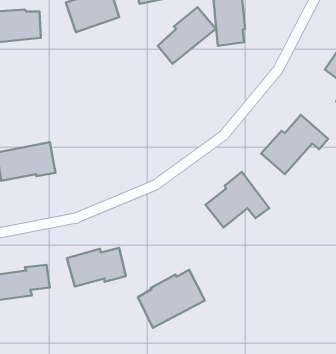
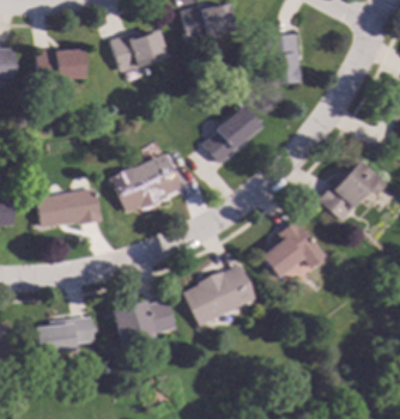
building: [158,7,216,64] -> [204,103,265,163]
building: none -> [111,152,181,212]
building: [138,270,205,328] -> [184,265,255,326]

